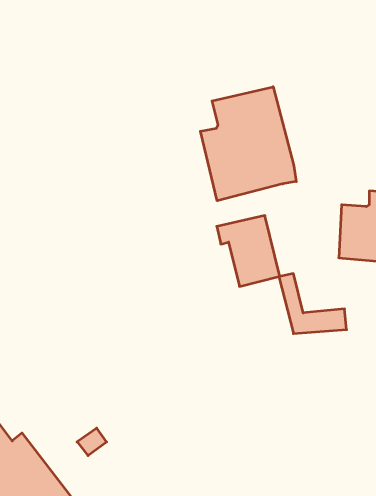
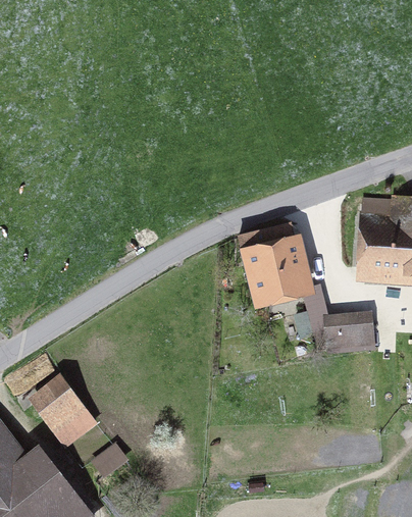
building: [200,87,296,201] -> none
building: none -> [35,381,95,445]

